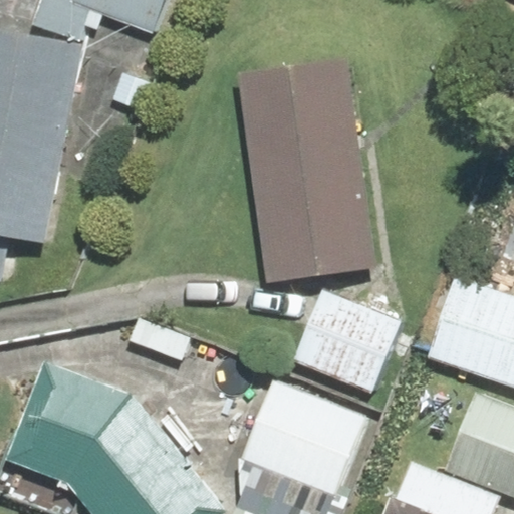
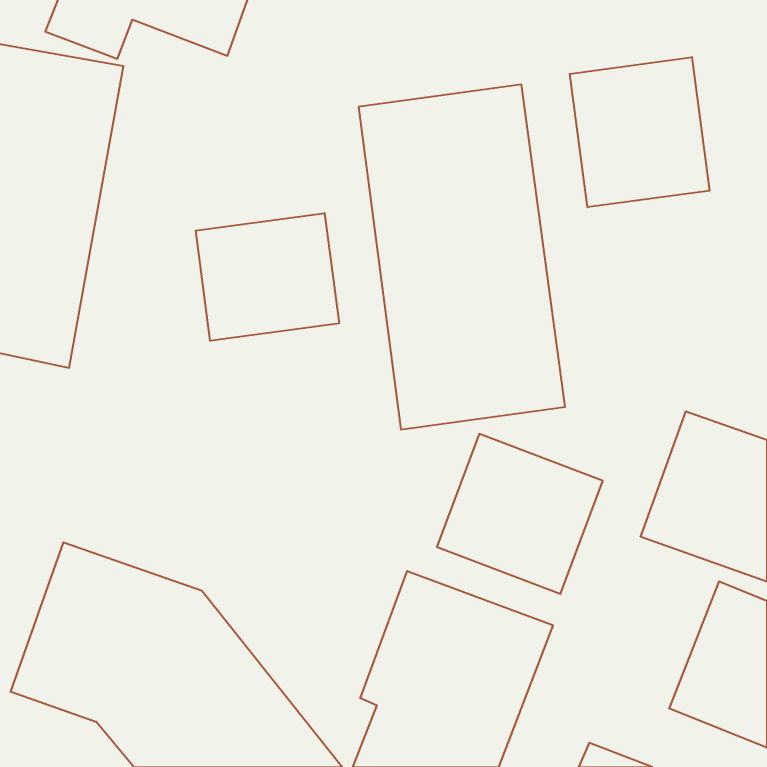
building: none -> [570,57,710,207]
building: none -> [196,213,339,341]

